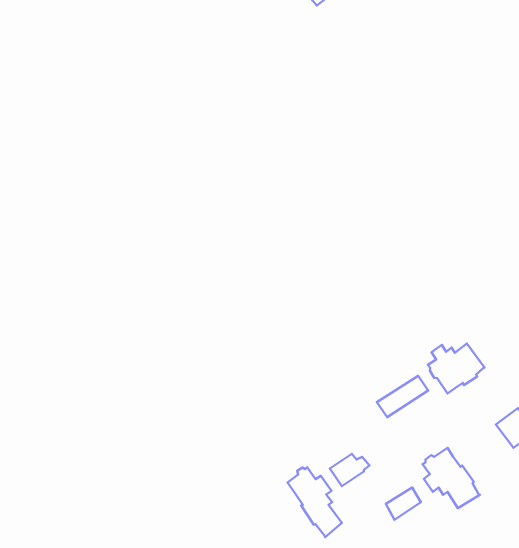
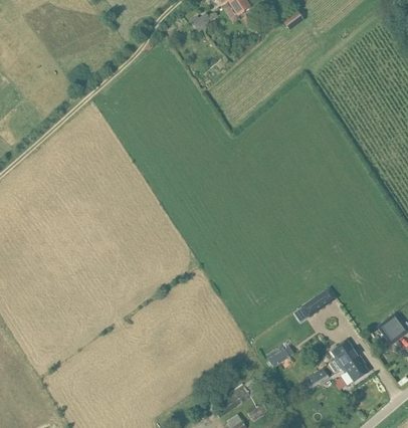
building: [428,343,485,393] -> none
building: [287,467,342,537] -> none

